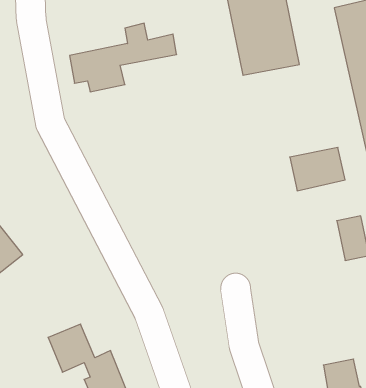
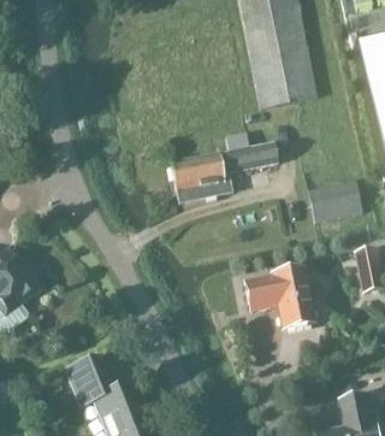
building: [70,23,177,92] -> [171,130,278,199]
building: none -> [243,264,314,328]

